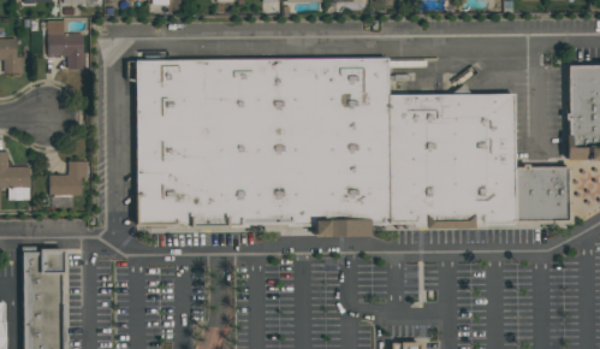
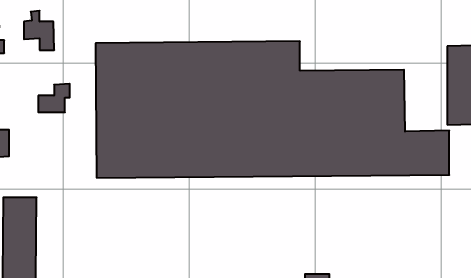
building: [49,160,88,195] -> [38,84,70,112]

